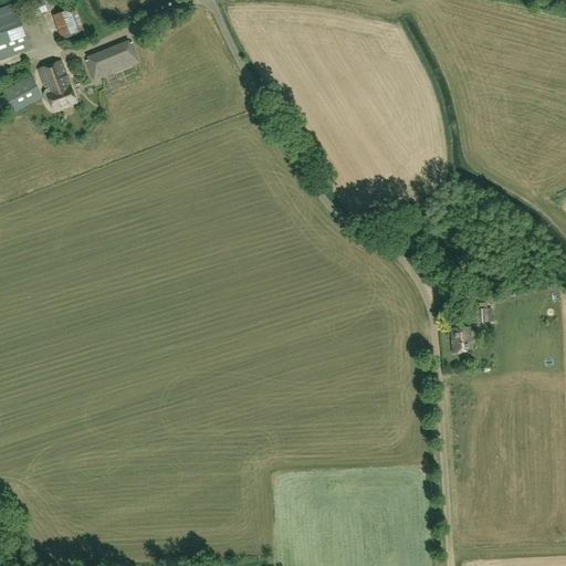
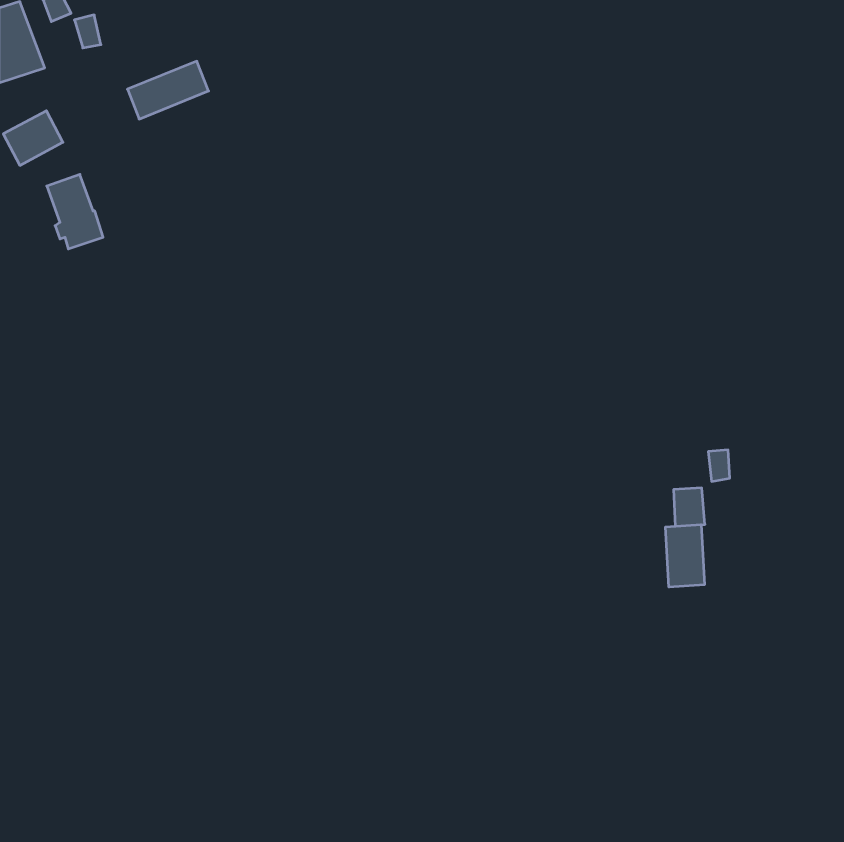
building: [38,60,75,109] -> [47,174,103,249]
building: none -> [666,525,704,587]

